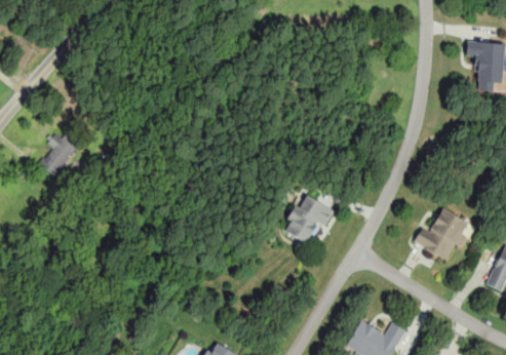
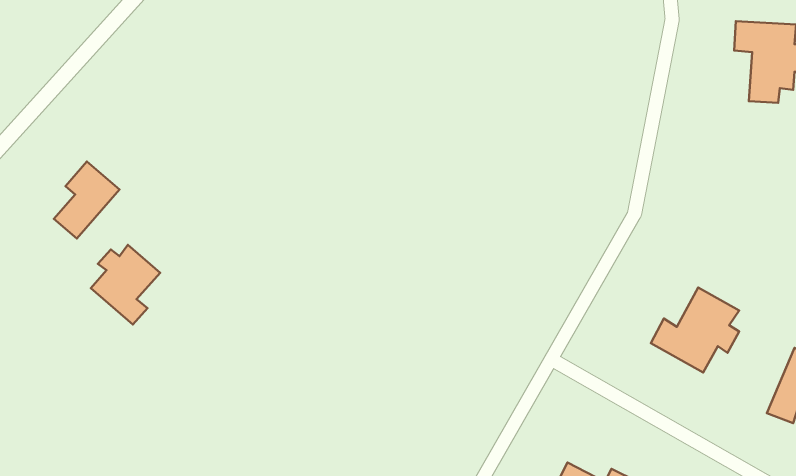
building: none -> [91,245,160,324]
building: [282,192,334,242] -> none

